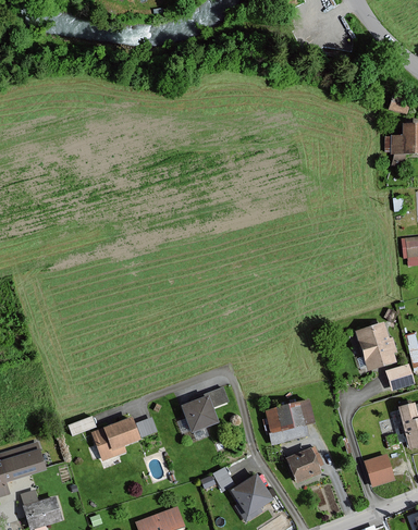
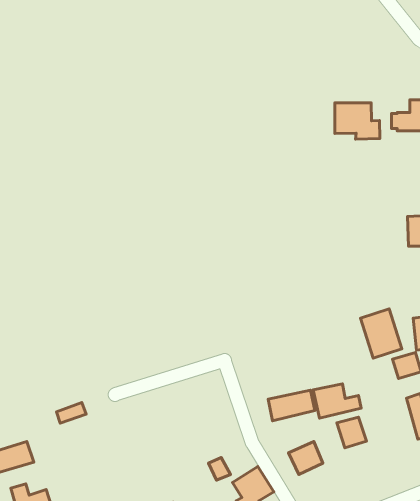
building: none -> [335,103,380,139]
building: [182,389,228,432] -> none
building: none -> [313,384,361,418]
building: [93,418,156,459] -> none
building: [365,456,393,485] -> [337,417,367,448]

